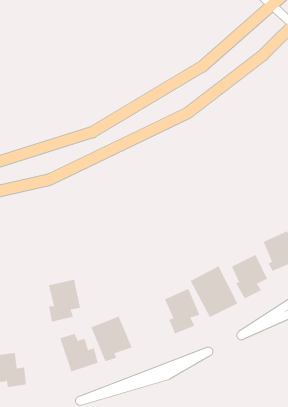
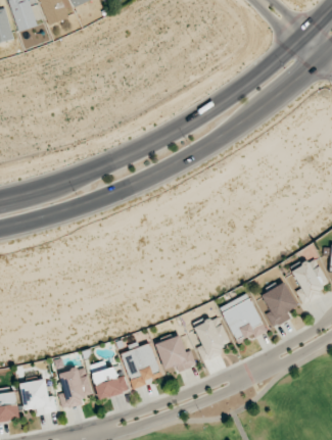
building: [48,279,81,322] -> [59,366,92,409]
building: none -> [155,335,197,373]

